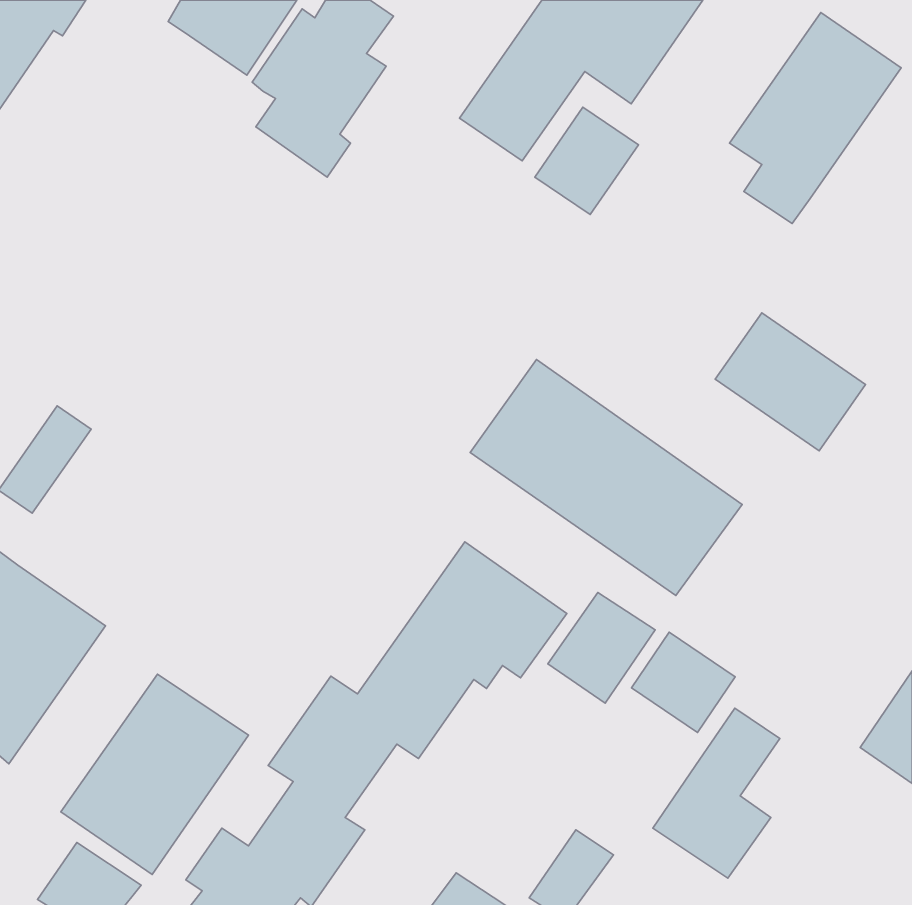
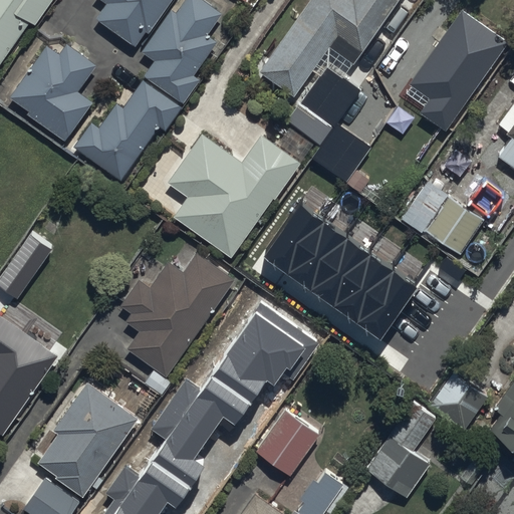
building: none -> [8,44,97,139]
building: none -> [74,79,176,179]
building: none -> [313,124,370,183]
building: none -> [167,134,301,261]
building: none -> [119,253,233,376]
building: [548,592,655,703] -> [259,412,319,474]
building: [631,632,735,732] -> [430,371,488,428]

